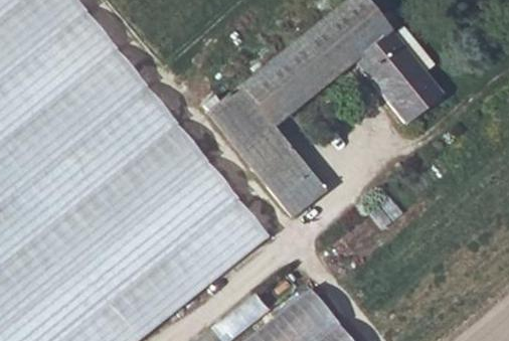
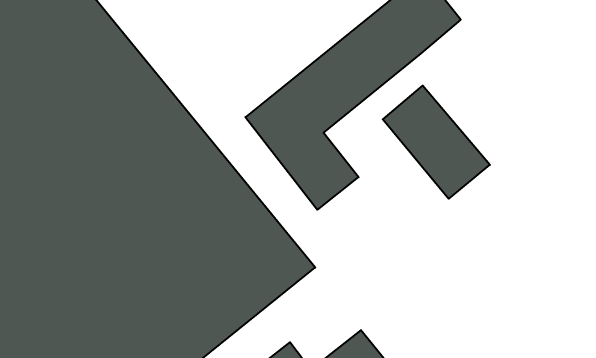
building: [356,28,446,123] -> [383,86,490,199]
building: [270,160,328,216] -> none

